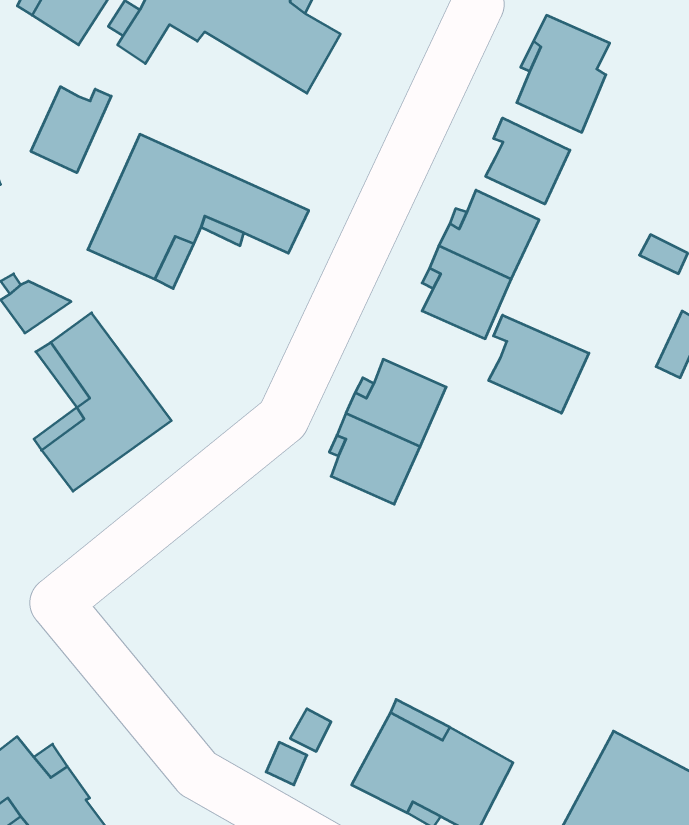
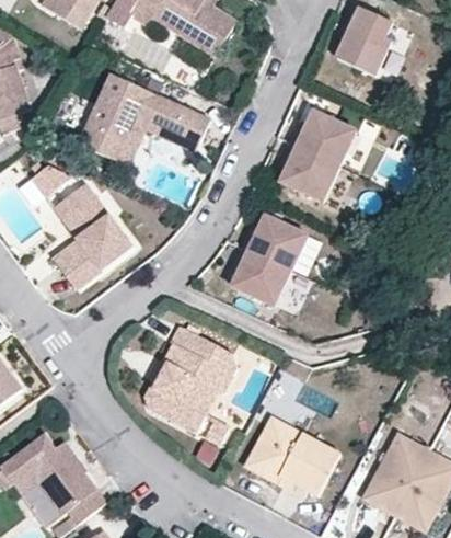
building: [31,87,111,173] -> none
building: [486,118,570,204] -> none
building: [489,315,589,413] -> none
building: none -> [148,327,238,433]

